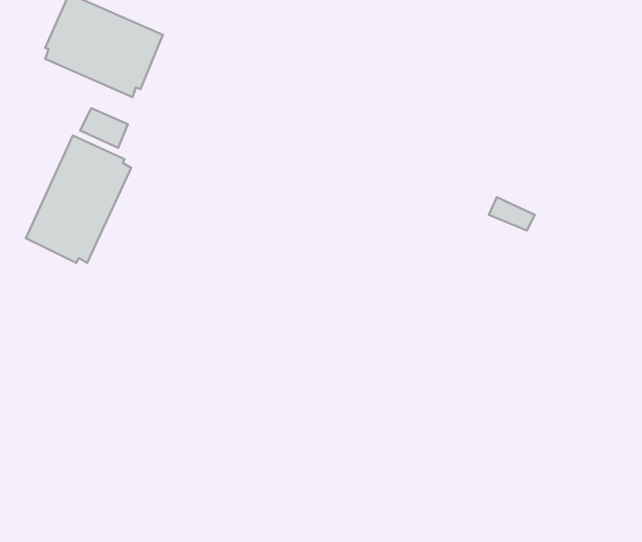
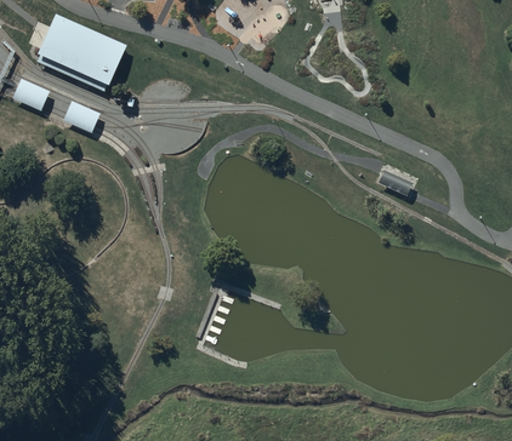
building: none -> [13,79,49,108]
building: [26,136,131,263] -> none

